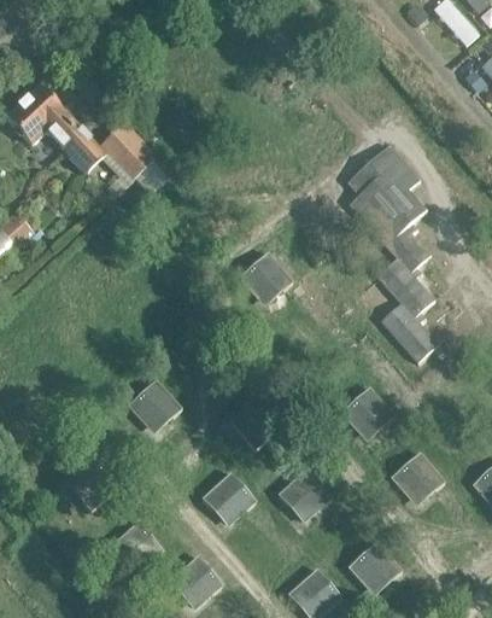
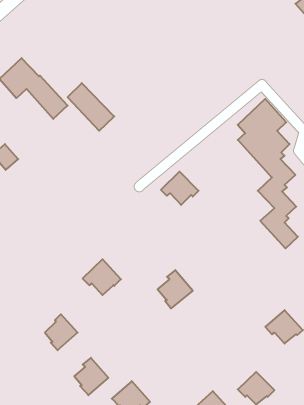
building: [340,386,394,435] -> none
building: [279,468,332,517] -> none
building: [200,473,253,521] -> none

